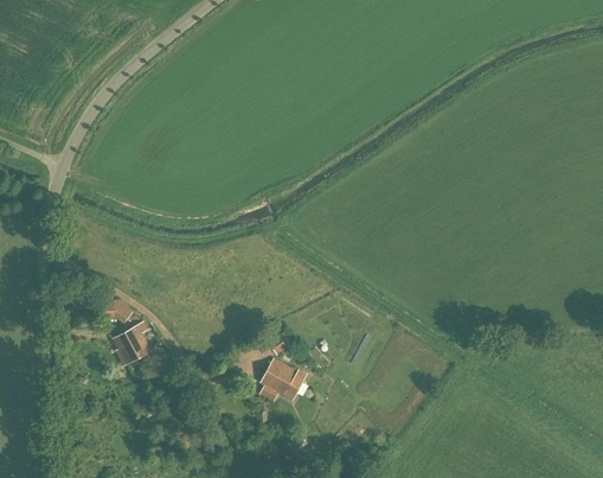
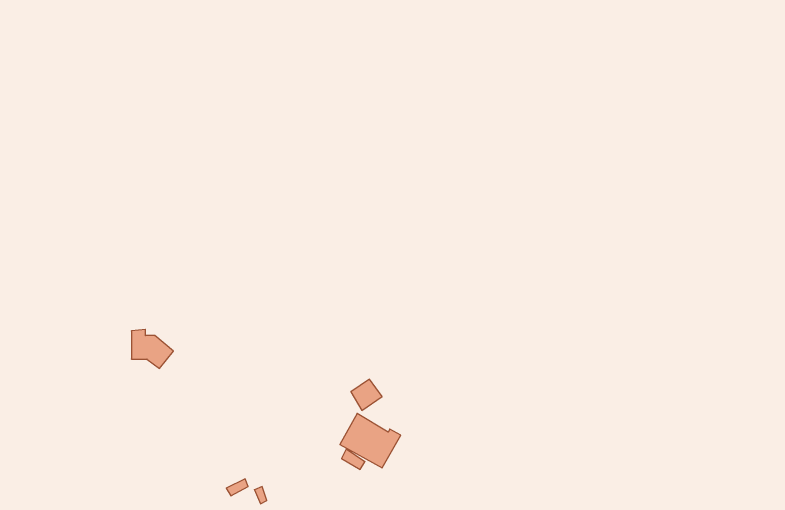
building: [113,321,150,364] -> none

